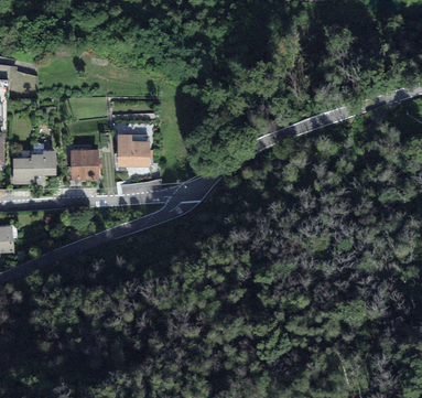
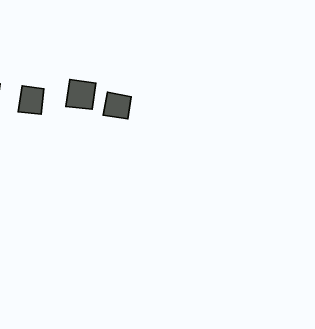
building: none -> [103,92,131,119]

